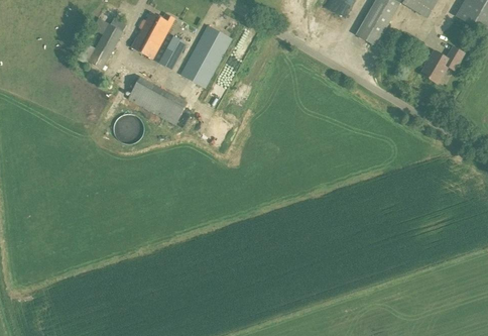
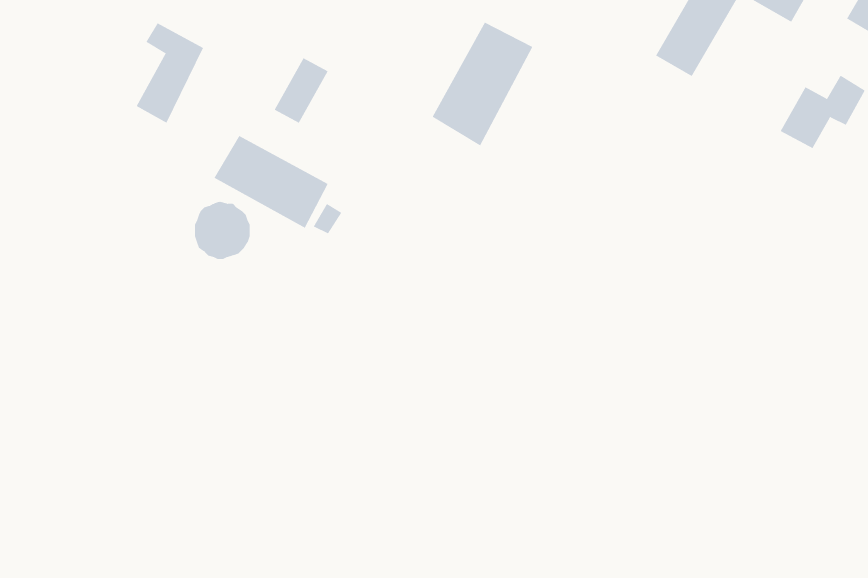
building: [130,11,174,59] -> none
building: [179,24,232,89] -> [432,22,533,146]

